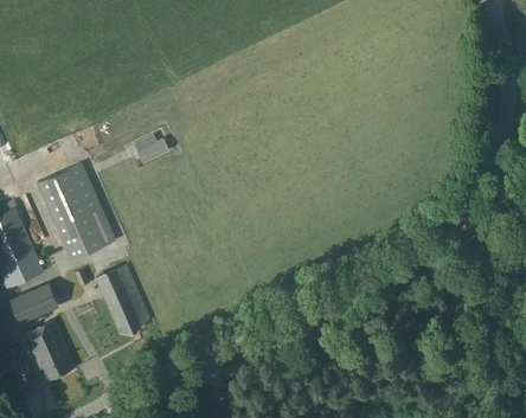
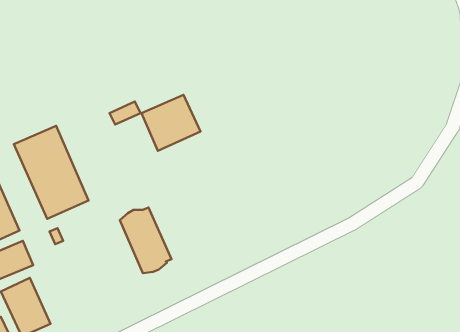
building: none -> [141,95,200,151]
building: [96,268,149,335] -> [120,207,172,273]

